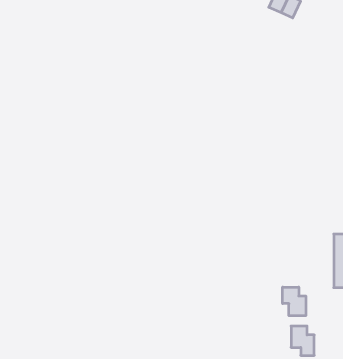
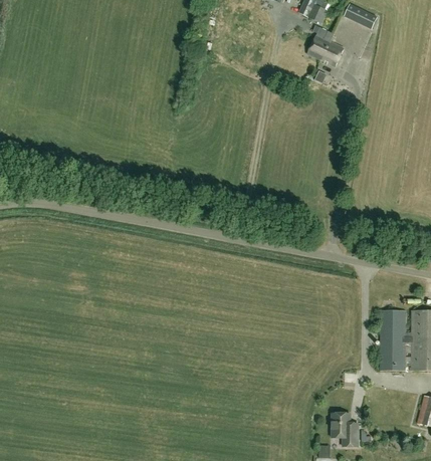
building: [283,287,306,316] -> none

